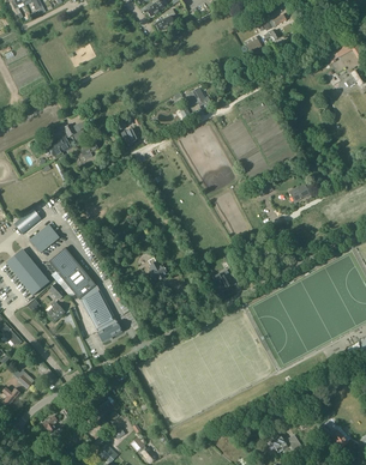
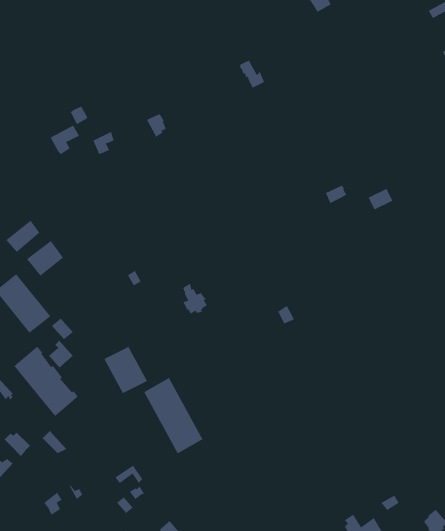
building: [48,246,97,300] -> [14,346,79,417]
building: none -> [144,377,203,454]

